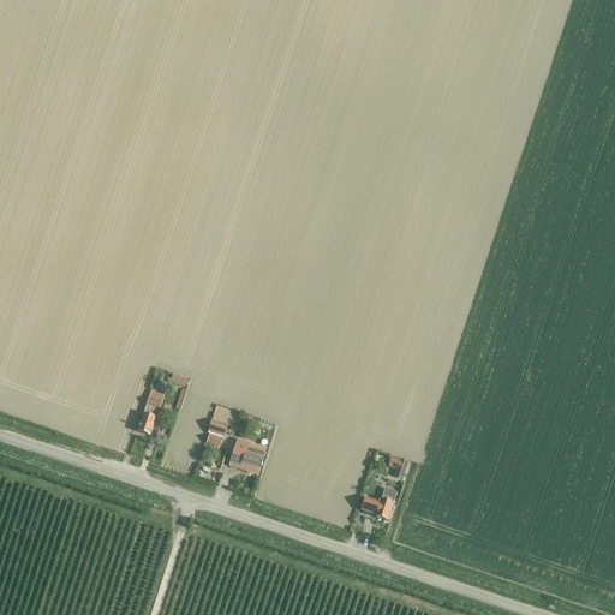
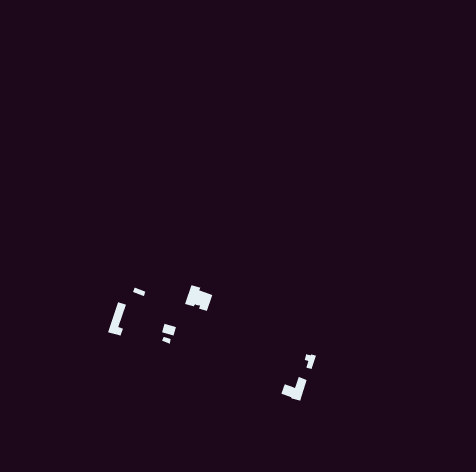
building: [228,437,265,472] -> [184,285,213,312]

